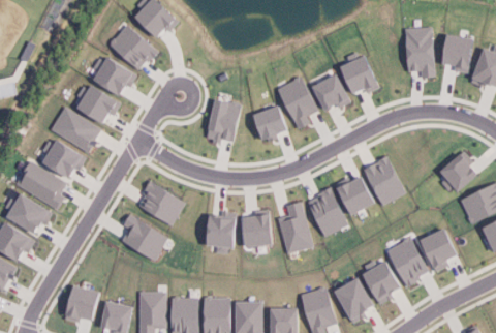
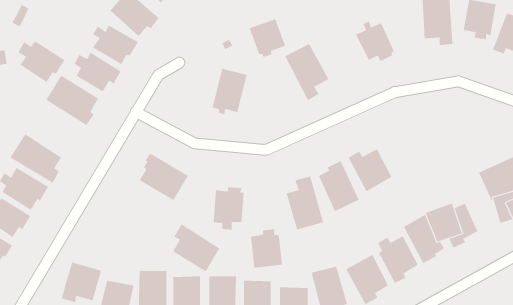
building: [313,74,349,110] -> none
building: [253,104,288,142] -> [249,19,286,58]
building: [39,139,85,179] -> [17,40,65,83]
building: [440,151,481,192] -> none
building: [364,157,406,206] -> none
building: [242,210,273,247] -> [250,229,283,268]
building: [120,213,165,260] -> [172,223,220,272]

